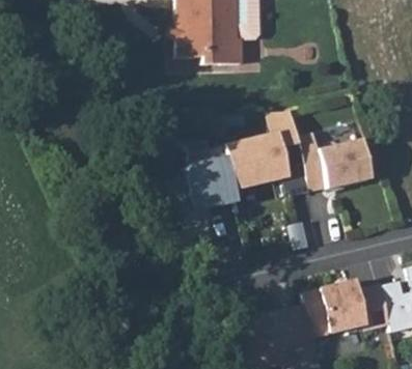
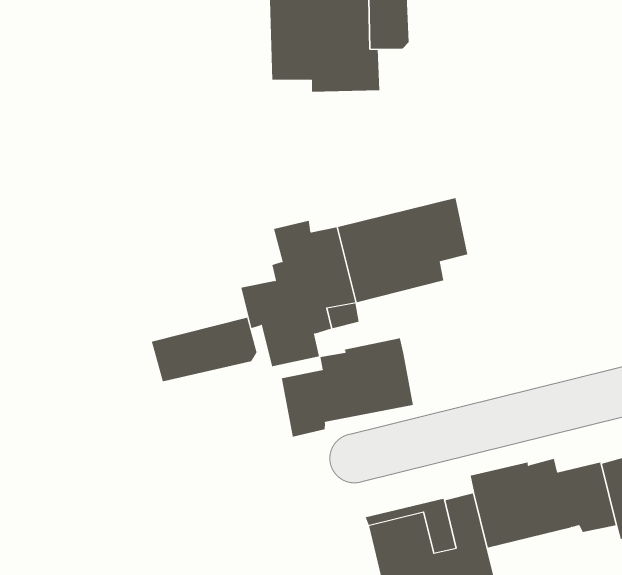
building: [295,132,368,191] -> none
building: none -> [151,317,257,382]
building: none -> [281,338,414,438]

